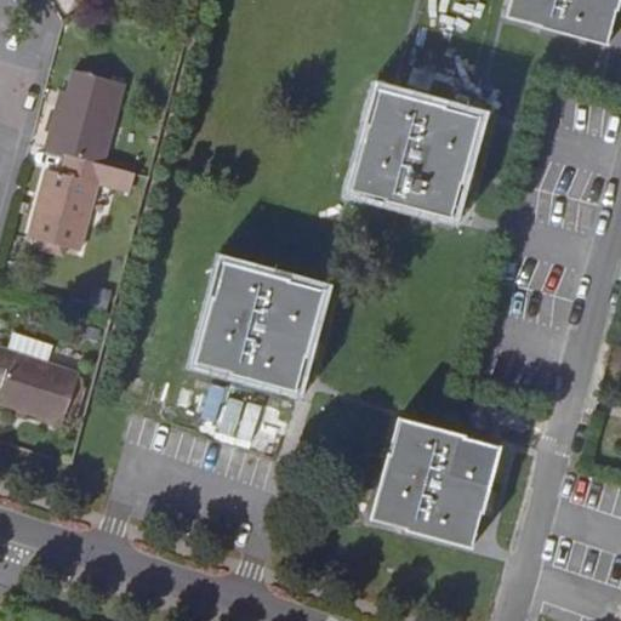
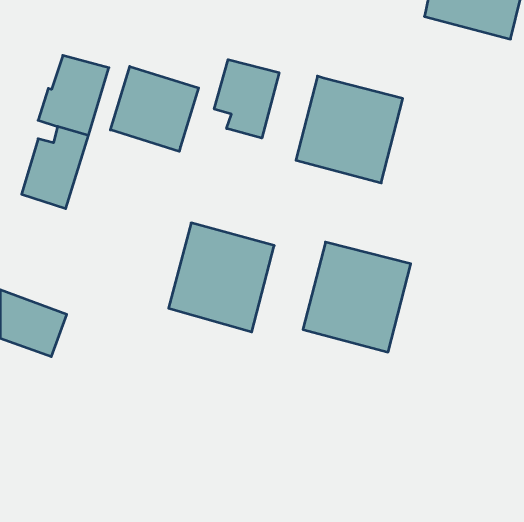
building: none -> [214,60,279,138]
building: none -> [110,66,199,151]
building: [374,417,501,547] -> [303,242,411,352]

